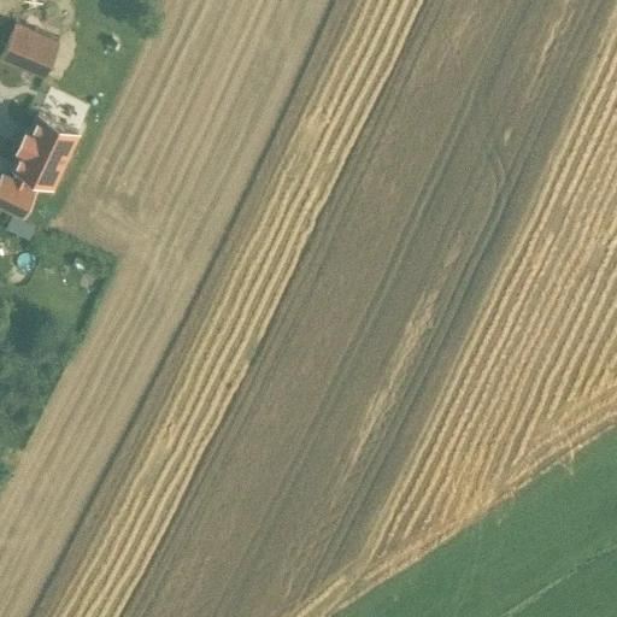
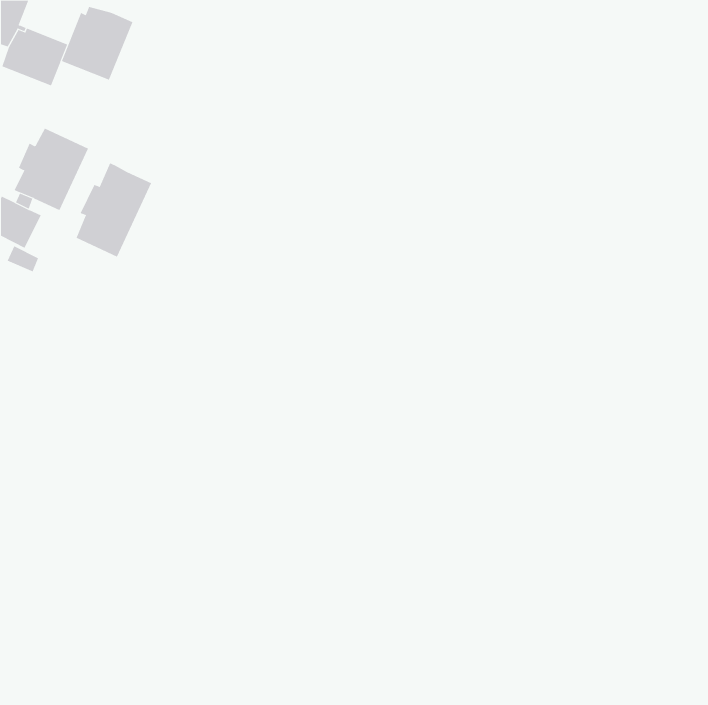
building: none -> [61,6,133,81]
building: none -> [76,163,152,257]

